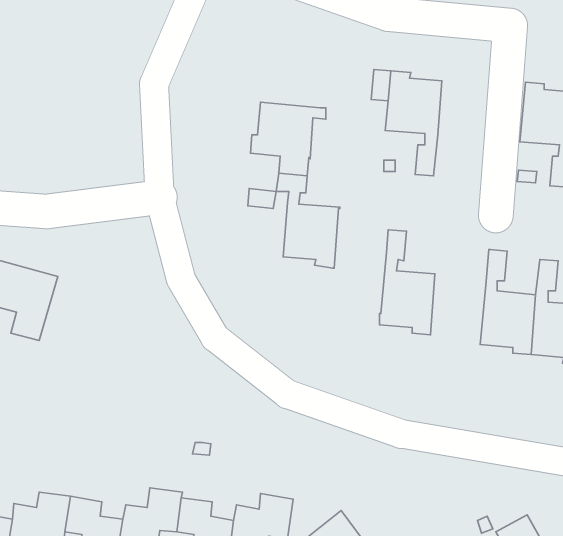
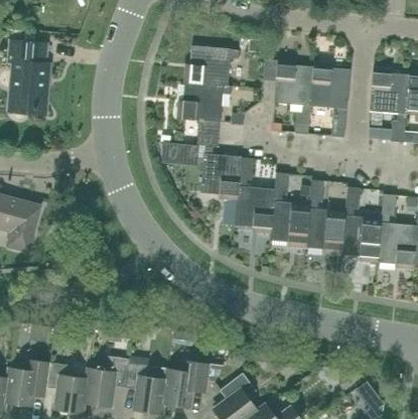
building: none -> [9,42,49,114]
building: none -> [185,46,240,87]
building: none -> [311,63,351,138]
building: none -> [235,158,275,233]
building: none -> [306,180,345,255]

